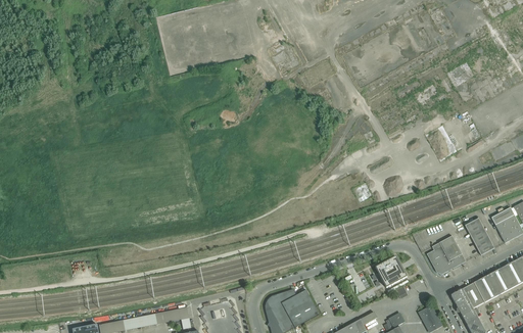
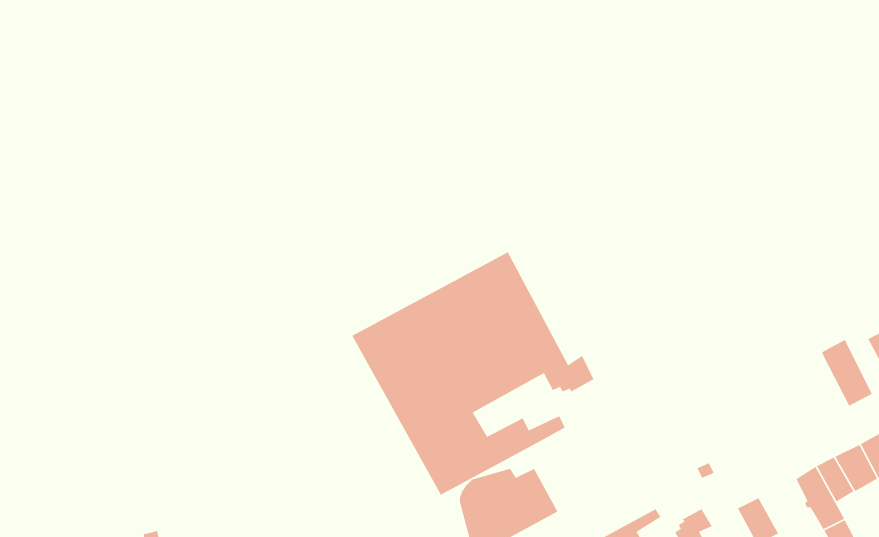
building: none -> [351,251,595,496]
building: [427,235,466,273] -> none
building: [376,255,407,286] -> none

